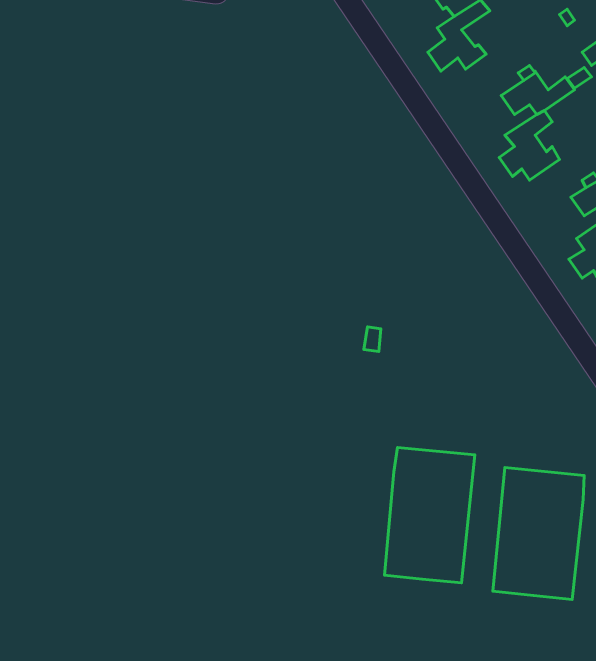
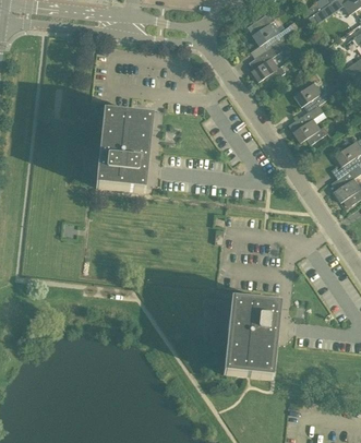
building: none -> [97,110,149,190]
building: [493,467,584,599] -> none

